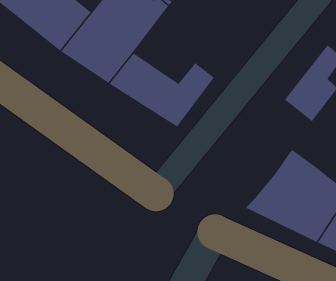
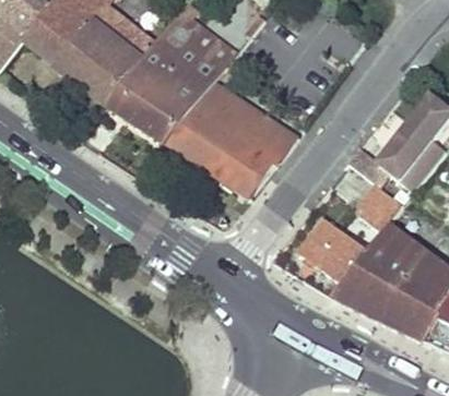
building: none -> [194,64,260,143]
building: none -> [359,187,402,232]
building: none -> [300,219,367,284]

